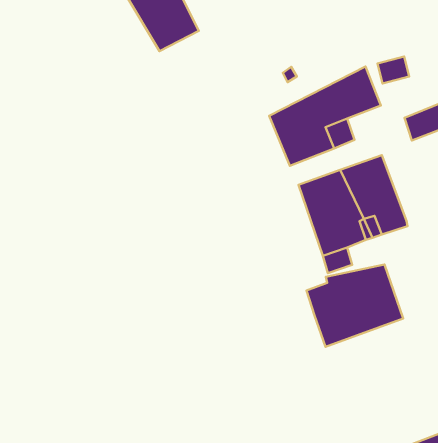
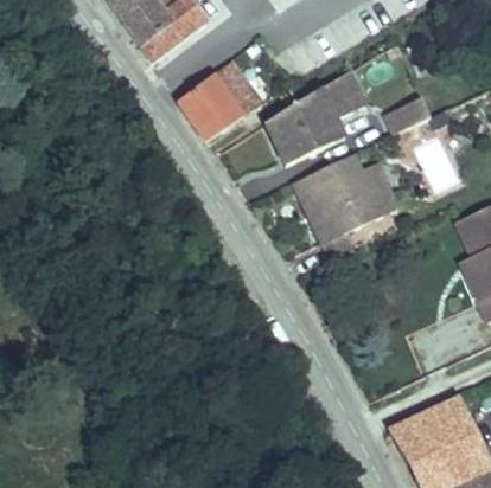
building: none -> [177,59,263,139]
building: [307,265,403,347] -> none

